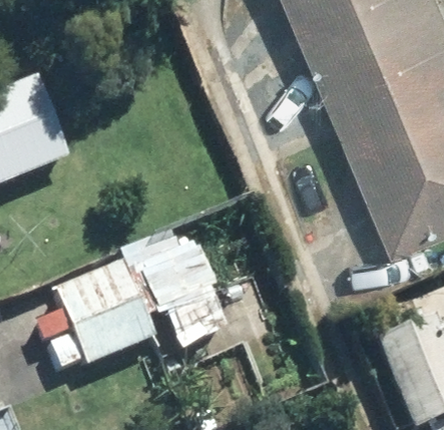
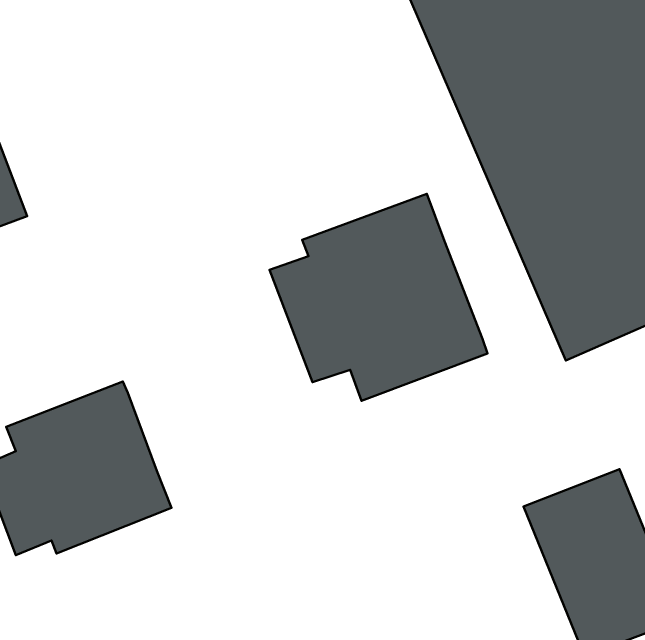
building: none -> [269,194,487,401]
building: [118,243,218,352] -> none

